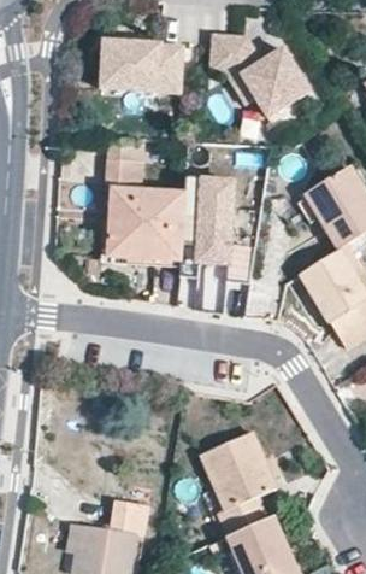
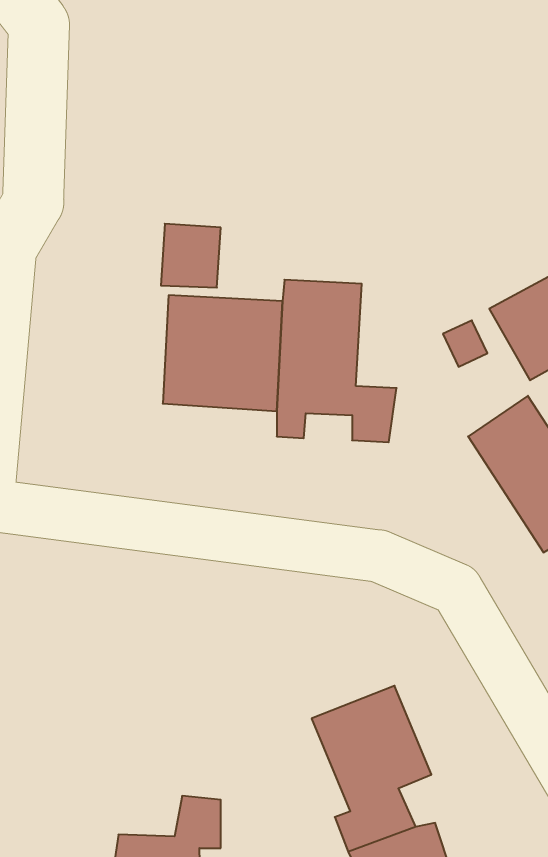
building: [208,36,308,117] -> none
building: [101,43,183,94] -> none

